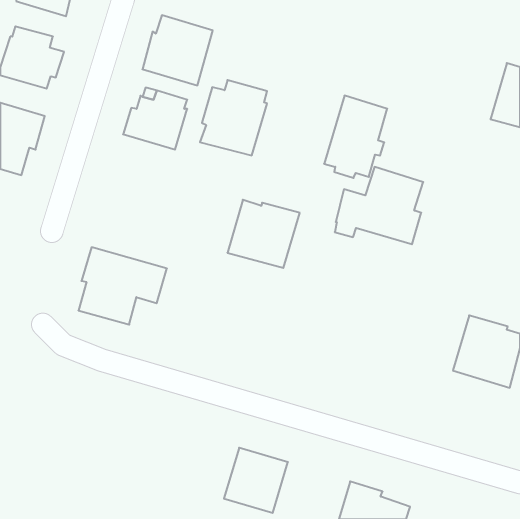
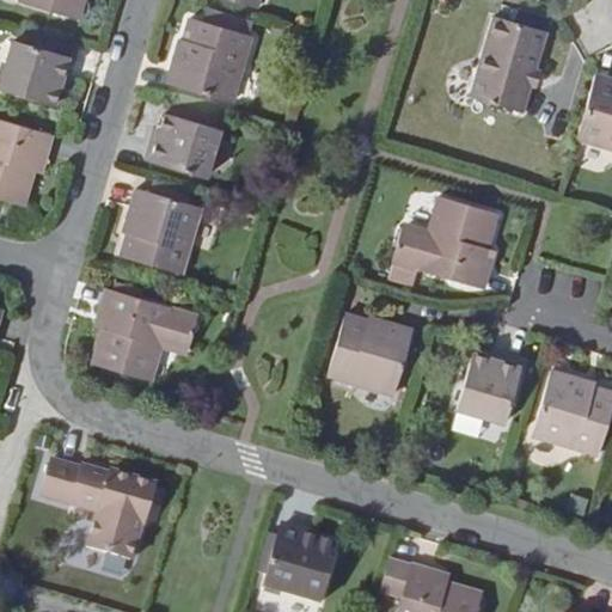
building: [200,80,267,155] -> [122,182,201,270]
building: [324,96,387,178] -> [472,16,546,112]
building: [227,200,300,268] -> [328,313,412,393]
building: none -> [457,353,522,423]
building: none -> [41,460,155,562]

